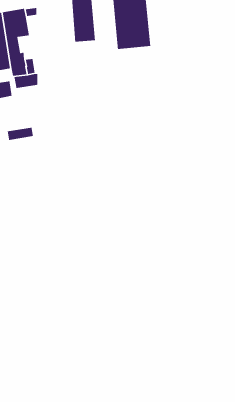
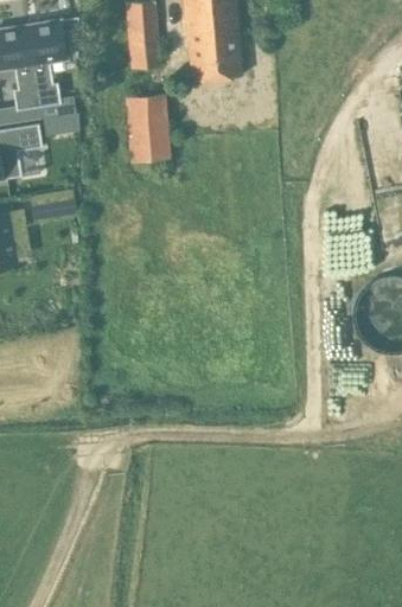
building: none -> [125,96,170,164]

